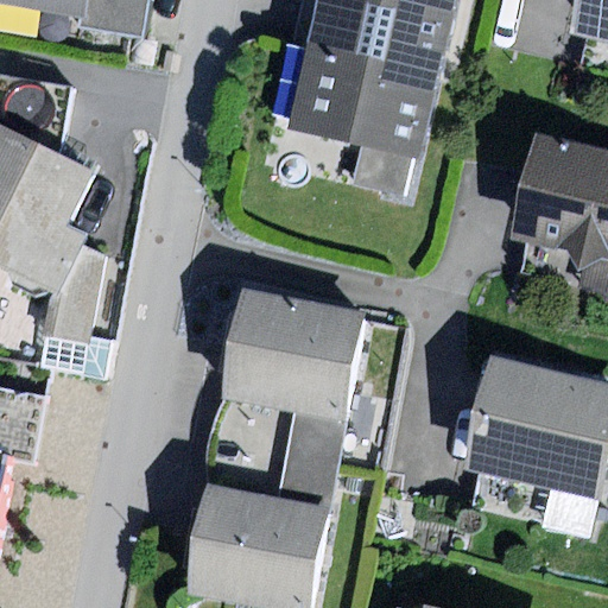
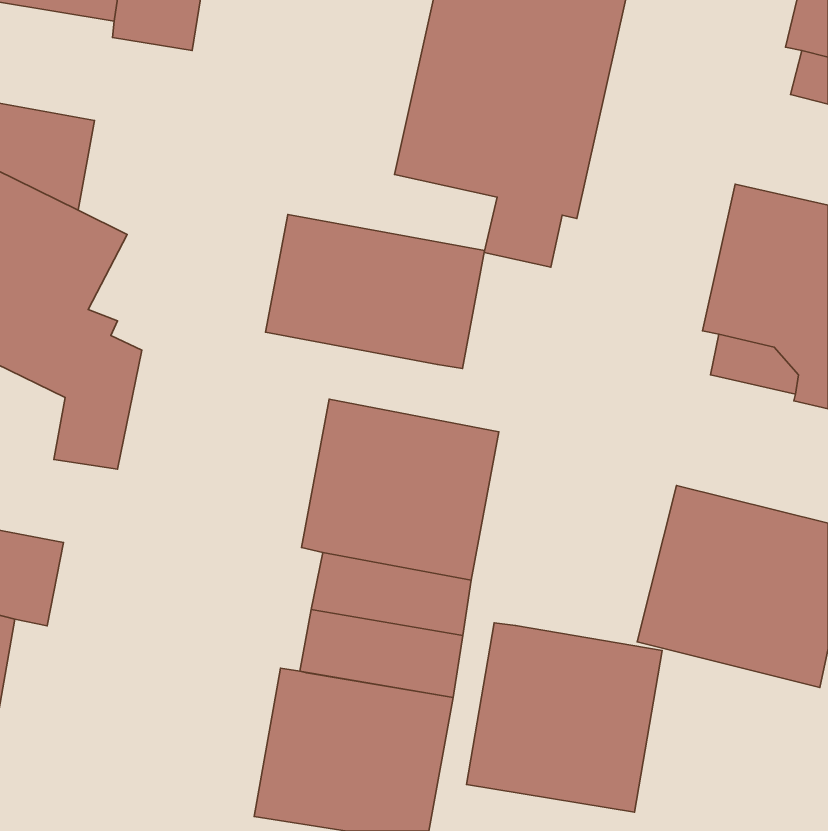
building: none -> [266,214,484,368]
building: none -> [467,623,662,812]

